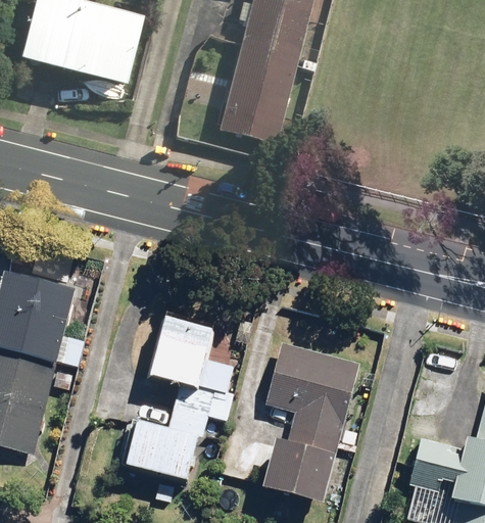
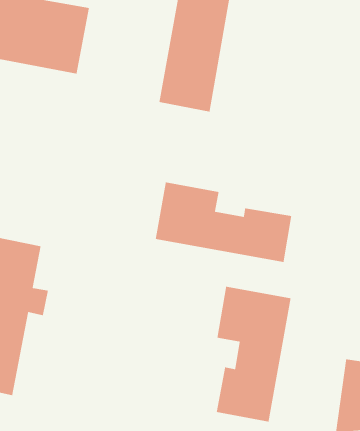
building: none -> [155,181,292,263]
building: [124,313,239,483] -> none

